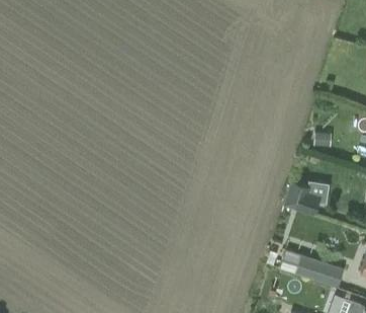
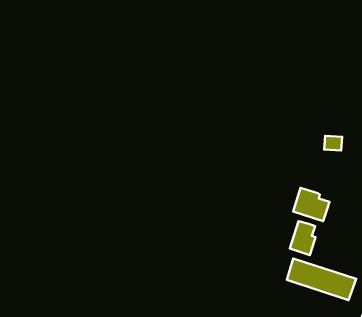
building: none -> [290,221,315,255]

